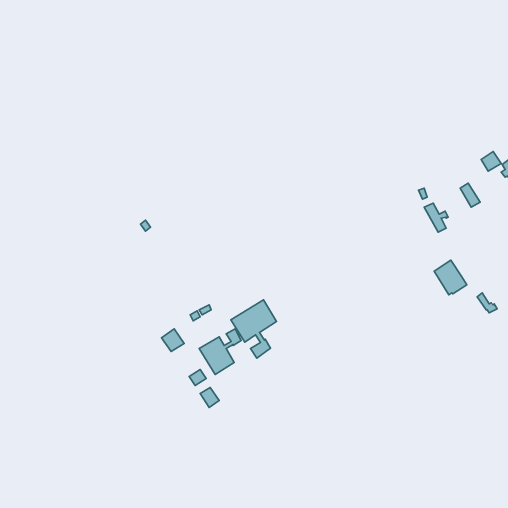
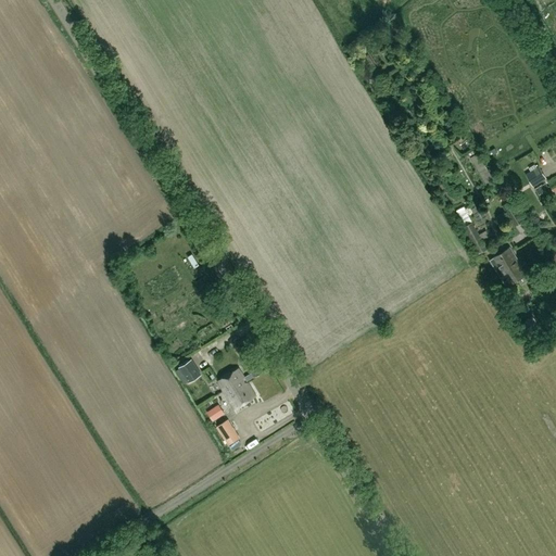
building: [434,260,467,295] -> [491,248,527,286]
building: [231,300,276,358] -> none

